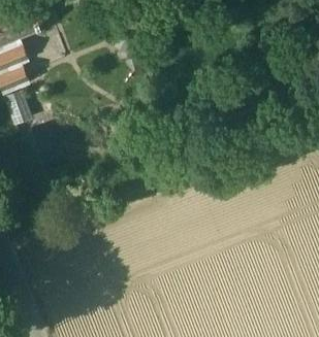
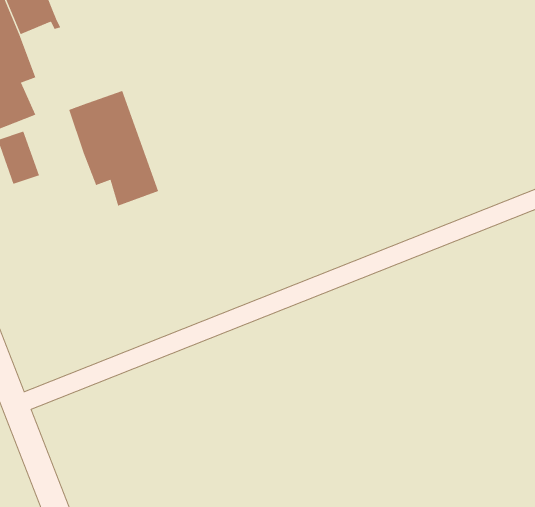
building: none -> [69,90,159,206]

